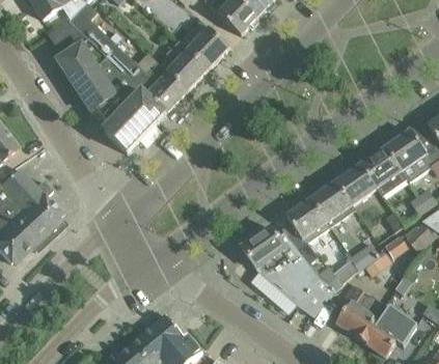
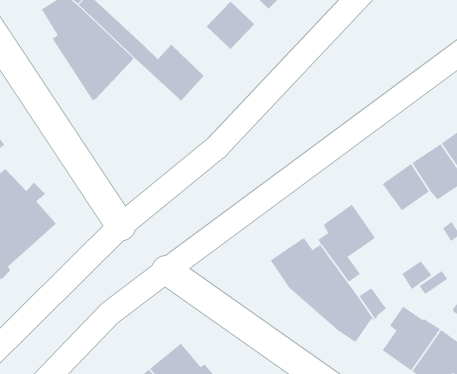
building: [166,41,208,90] -> none
building: [94,76,166,152] -> none
building: [310,181,354,225] -> none

